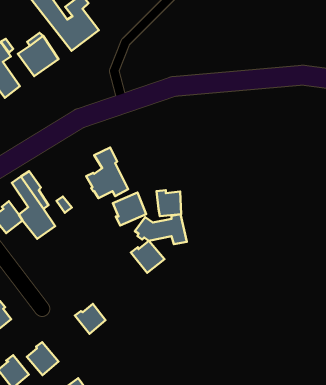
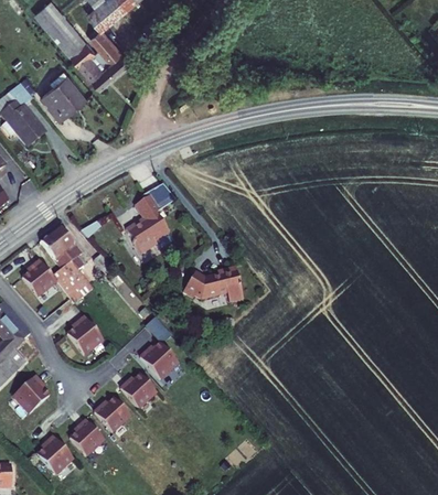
building: [157,190,181,216] -> none
building: [113,192,146,226] -> none
building: [131,241,164,273] -> [139,342,178,378]
building: none -> [68,318,103,353]
building: none -> [94,397,129,431]

